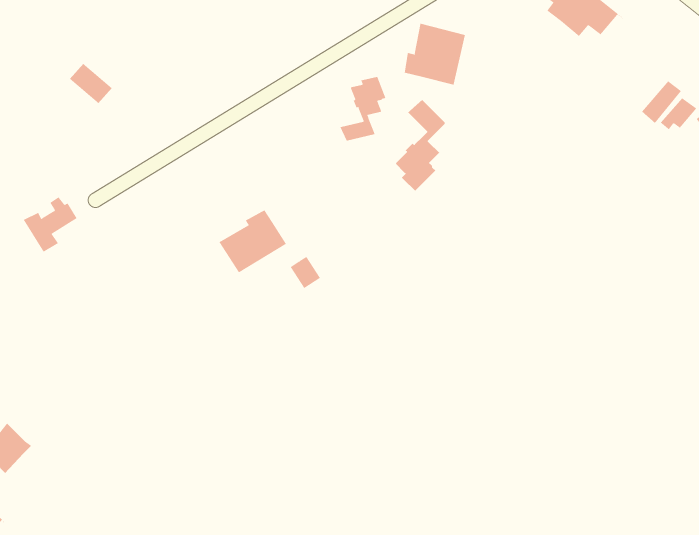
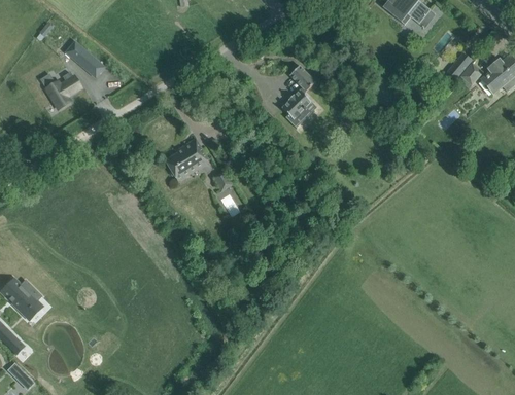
building: [404,23,465,86] -> none
building: [339,75,386,141] -> none
building: [23,197,77,253] -> [45,72,81,109]

